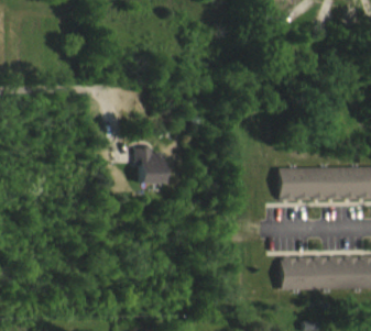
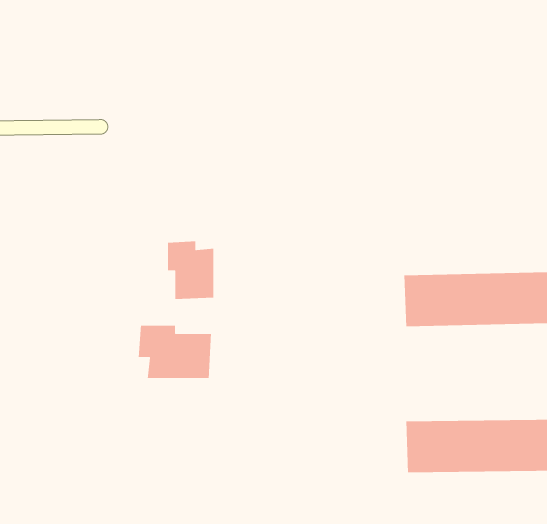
building: none -> [138,325,212,379]

